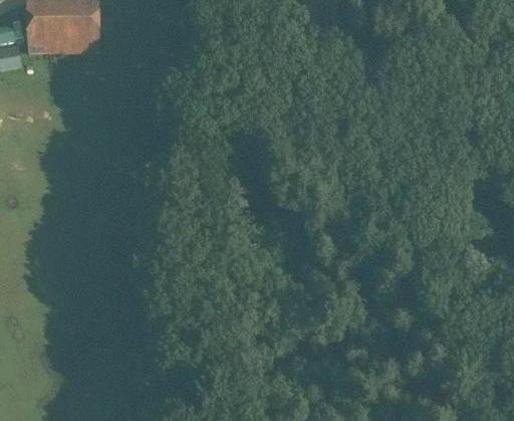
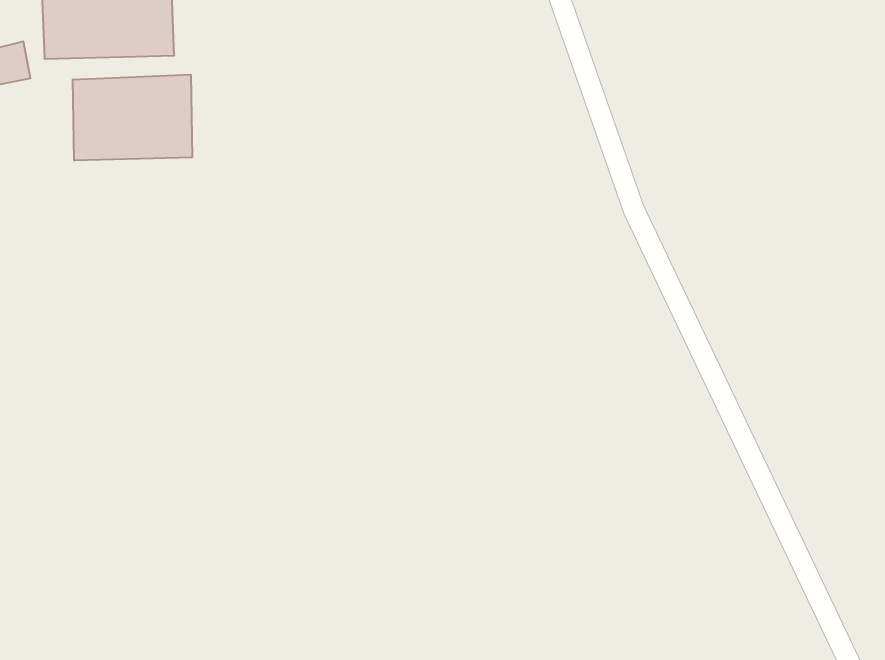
building: none -> [73,75,192,161]

